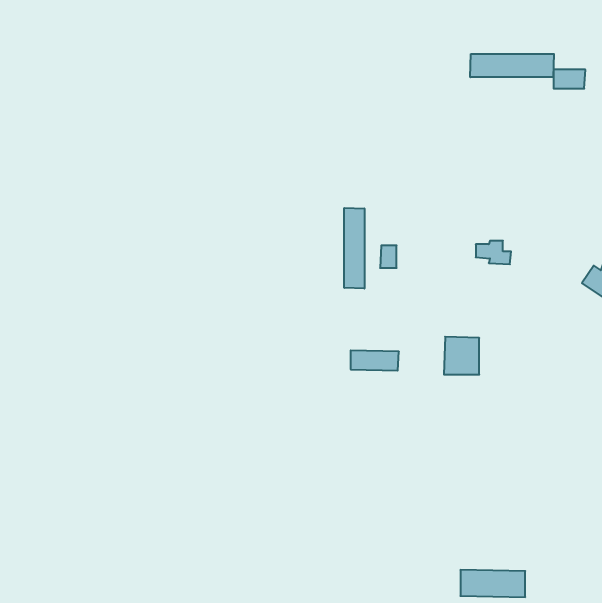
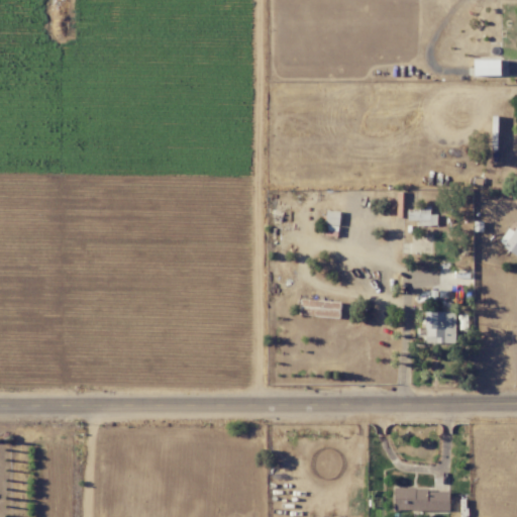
building: [470,54,554,77] -> none
building: [344,208,364,289] -> none
building: [444,337,479,375] -> [426,311,456,343]

